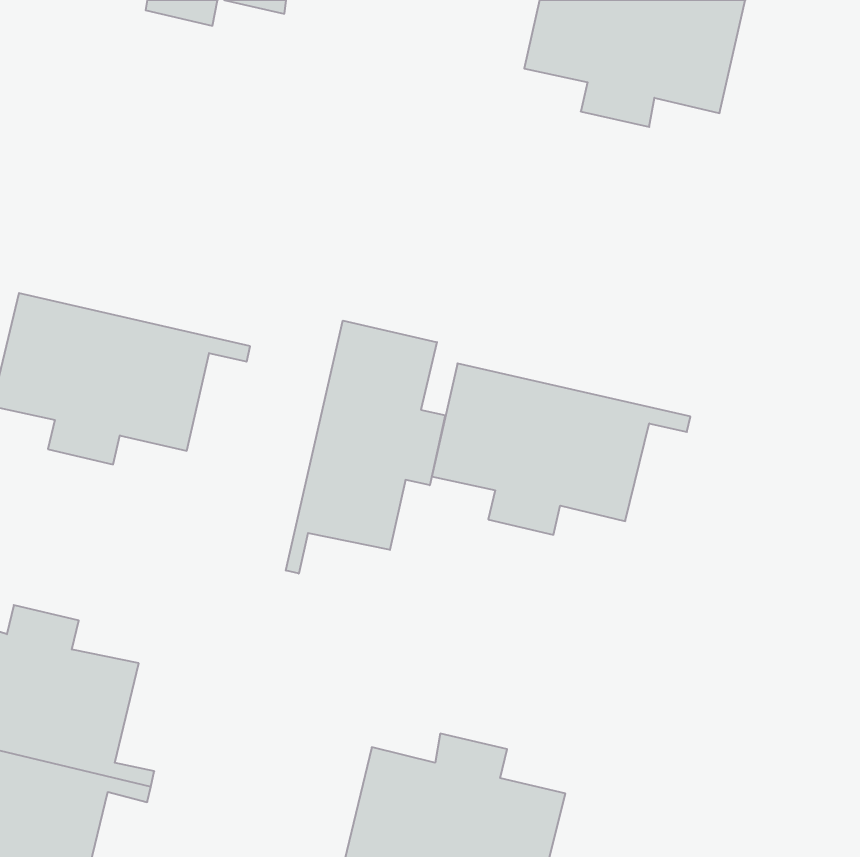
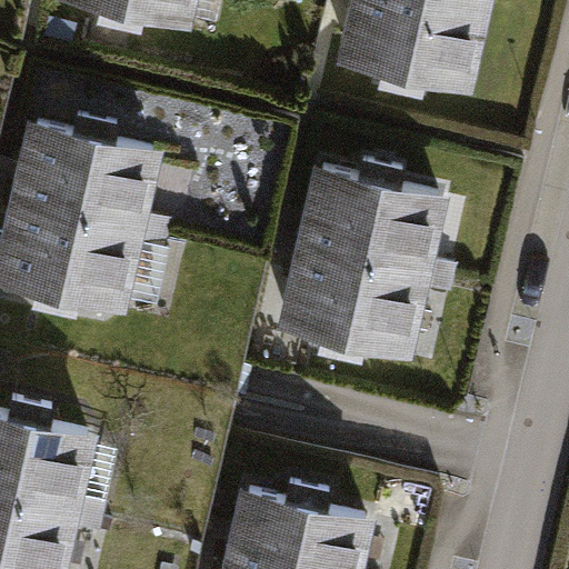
building: none -> [11,119,164,237]
building: none -> [297,166,450,282]
building: [286,321,445,574] -> none

